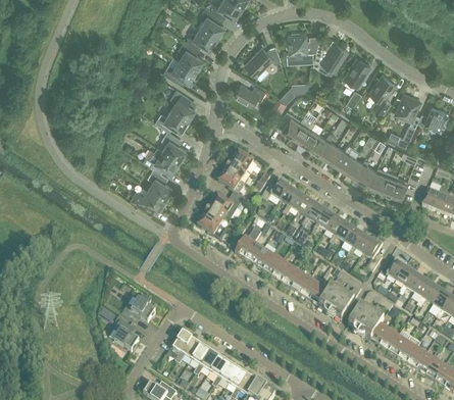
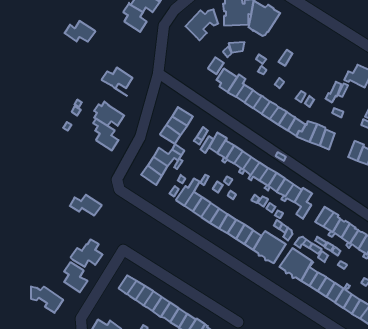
building: [345,55,371,85] -> none
building: [163,57,197,80] -> [64,21,95,42]
building: [370,73,396,111] -> none
building: [235,82,266,104] -> none
building: [171,87,196,118] -> none
building: [396,92,421,119] -> none
building: [162,129,188,159] -> none
building: [132,186,166,208] -> [70,195,102,215]
building: none -> [31,286,63,313]

